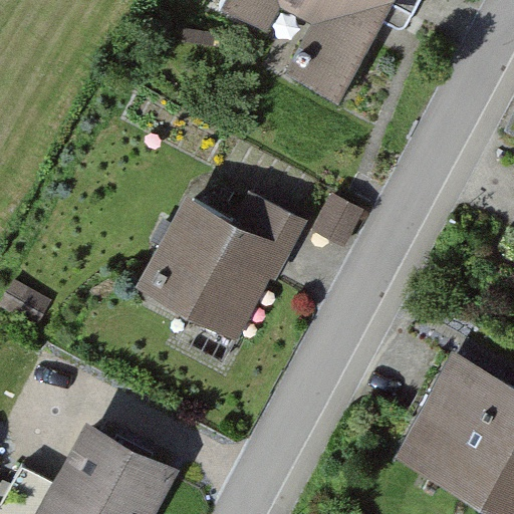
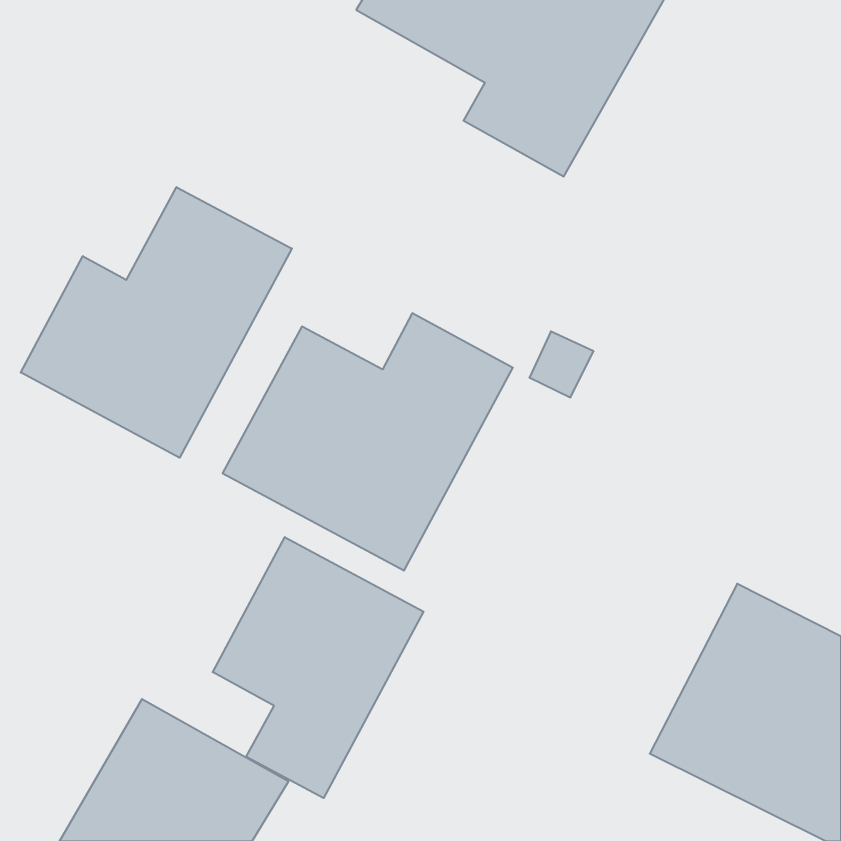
building: none -> [21,187,292,458]
building: none -> [213,537,424,798]

